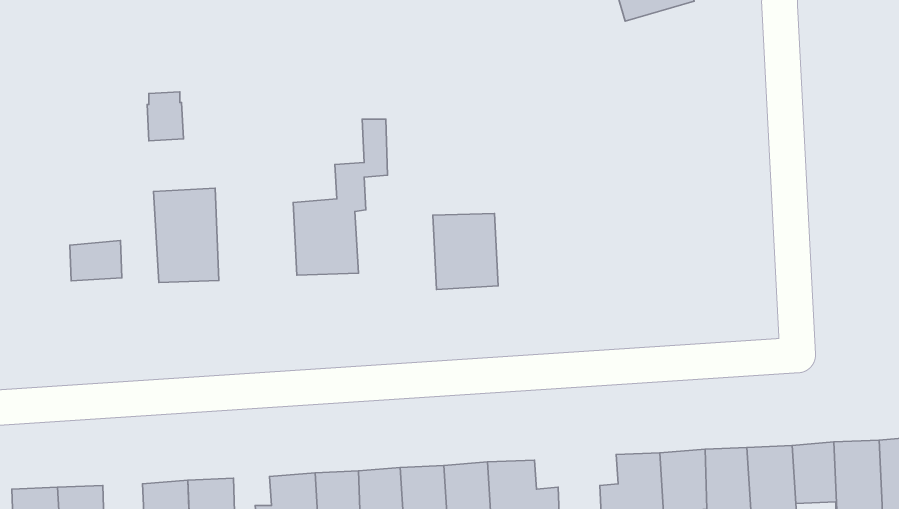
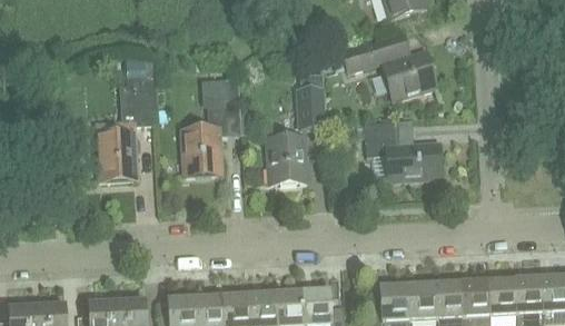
building: none -> [340,30,436,99]
building: [147,92,183,141] -> [132,76,155,106]
building: none -> [299,76,327,129]
building: none -> [364,119,442,180]
building: [70,241,122,281] -> none

